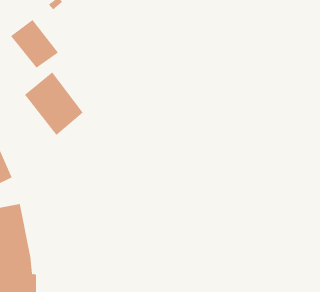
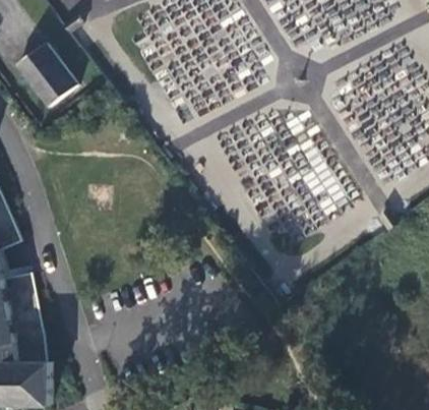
building: [24,71,84,136] -> none

